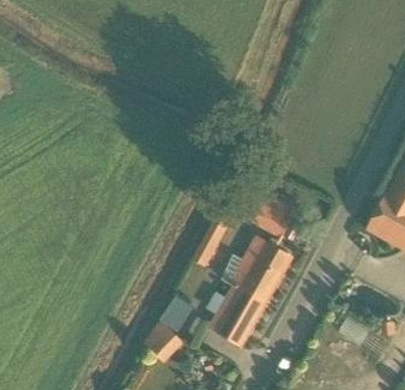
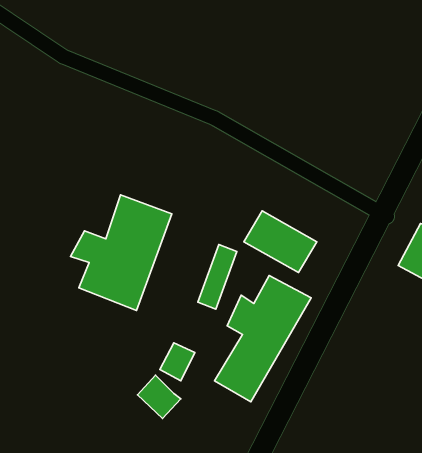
building: none -> [71,195,172,311]

